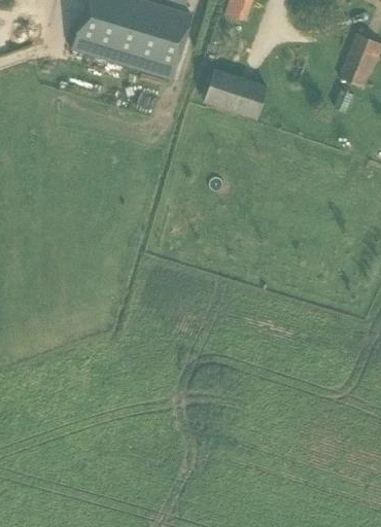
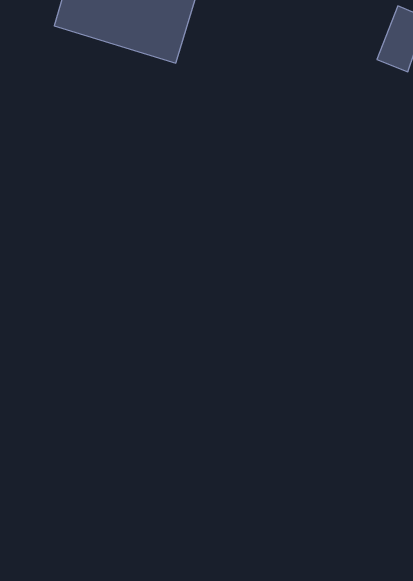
building: [205,69,266,117] -> none

